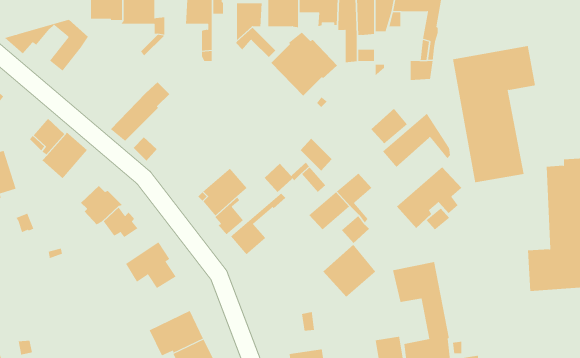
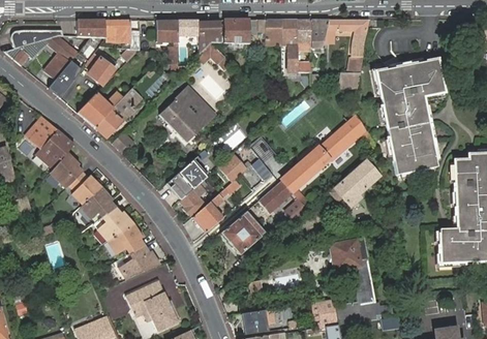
building: none -> [12,30,65,49]
building: [271,32,338,97] -> [160,88,216,142]
building: none -> [49,51,81,98]
building: none -> [86,54,114,84]
building: none -> [78,93,123,127]
building: [370,108,408,144] -> [300,146,331,176]
building: none -> [53,153,85,188]
building: none -> [96,210,134,239]
building: [322,244,376,298] -> [220,209,265,253]
building: none -> [118,248,161,278]

